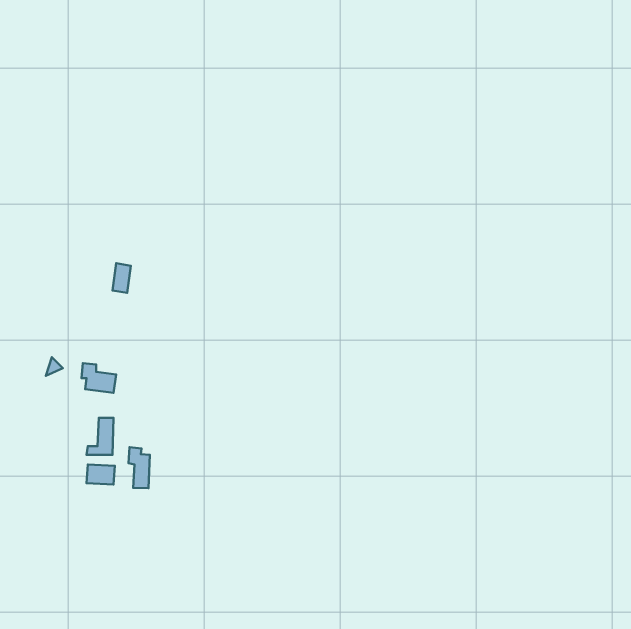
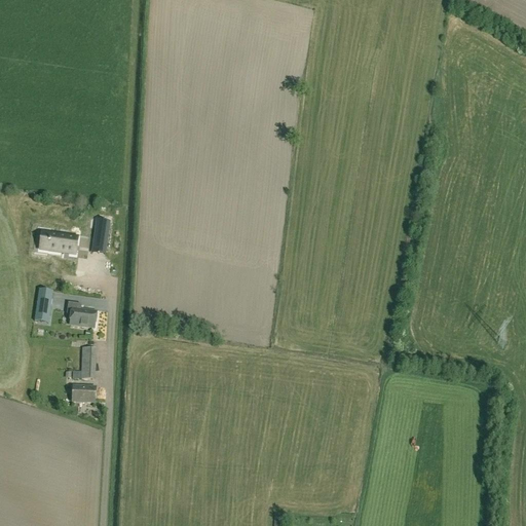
building: none -> [48,233,78,254]
building: [128,447,150,488] -> none

